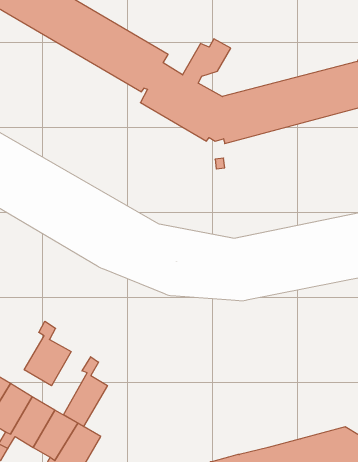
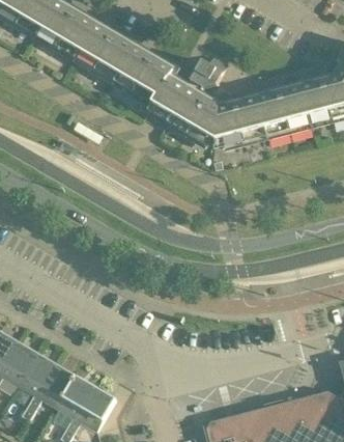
building: [24,321,71,386] -> none
building: [64,357,107,427] -> none

